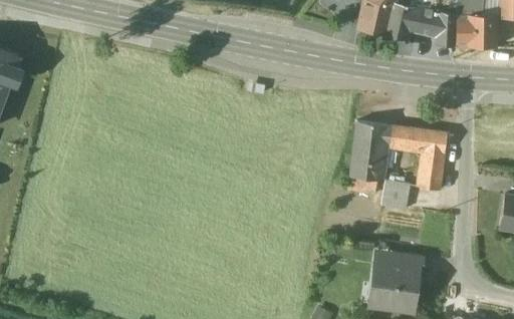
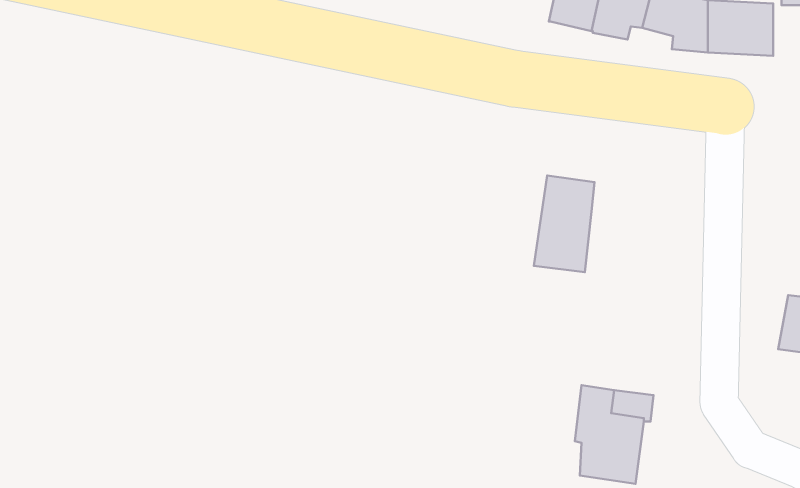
building: [383,125,446,191] -> none
building: [380,182,410,209] -> none

